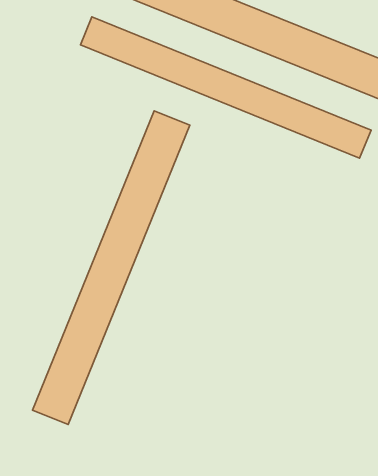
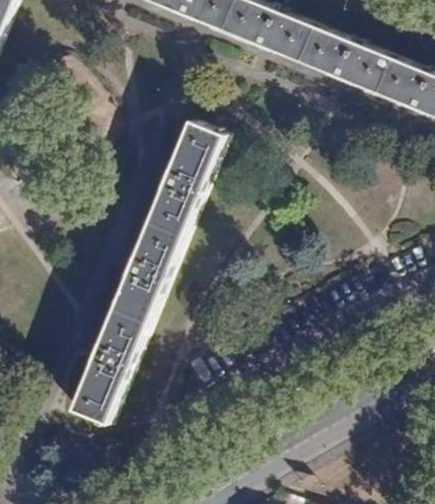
building: [80,17,371,158] -> none

